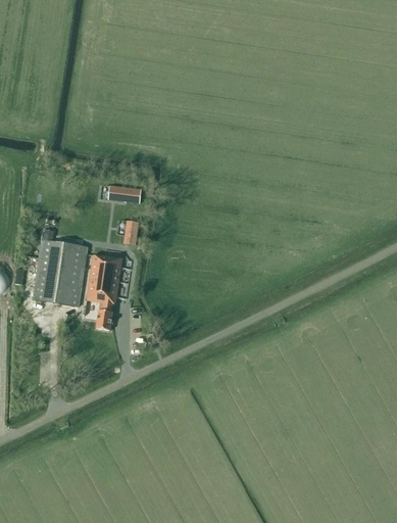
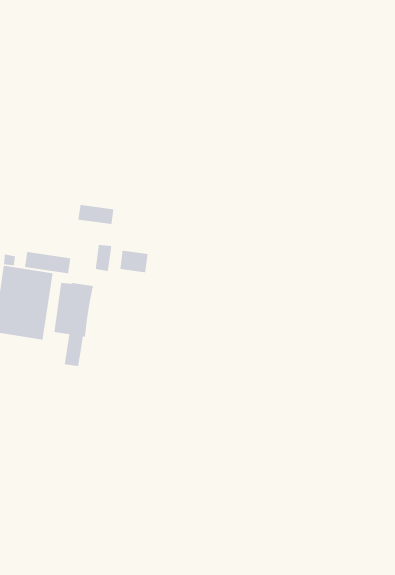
building: none -> [119,250,148,273]
building: none -> [24,251,71,274]

